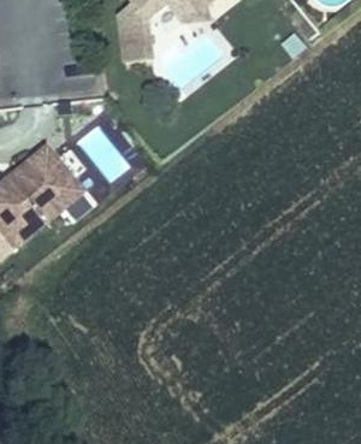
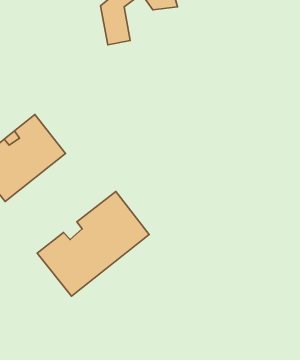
building: none -> [37,192,149,296]

